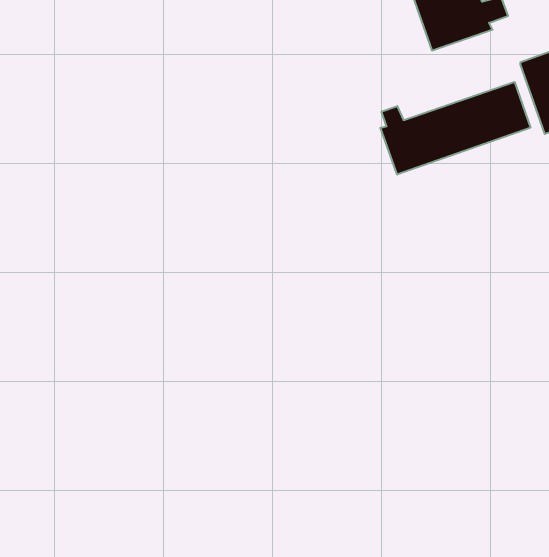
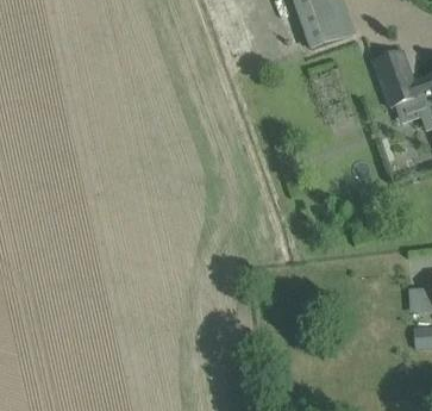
building: [380,82,530,175] -> none

